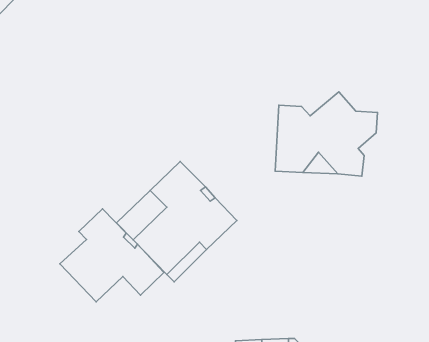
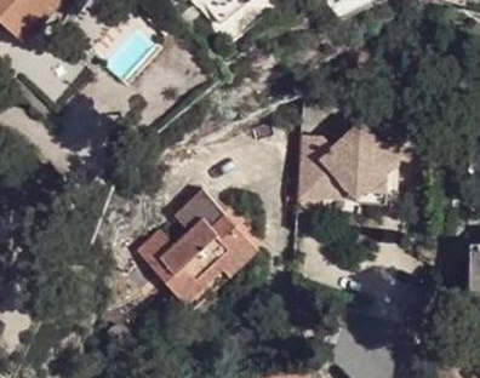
building: [60,209,164,302] -> none

